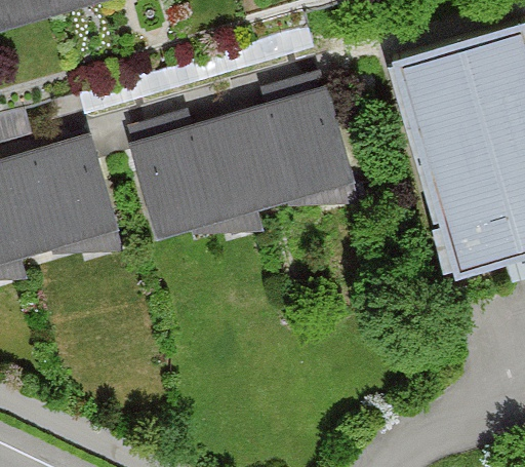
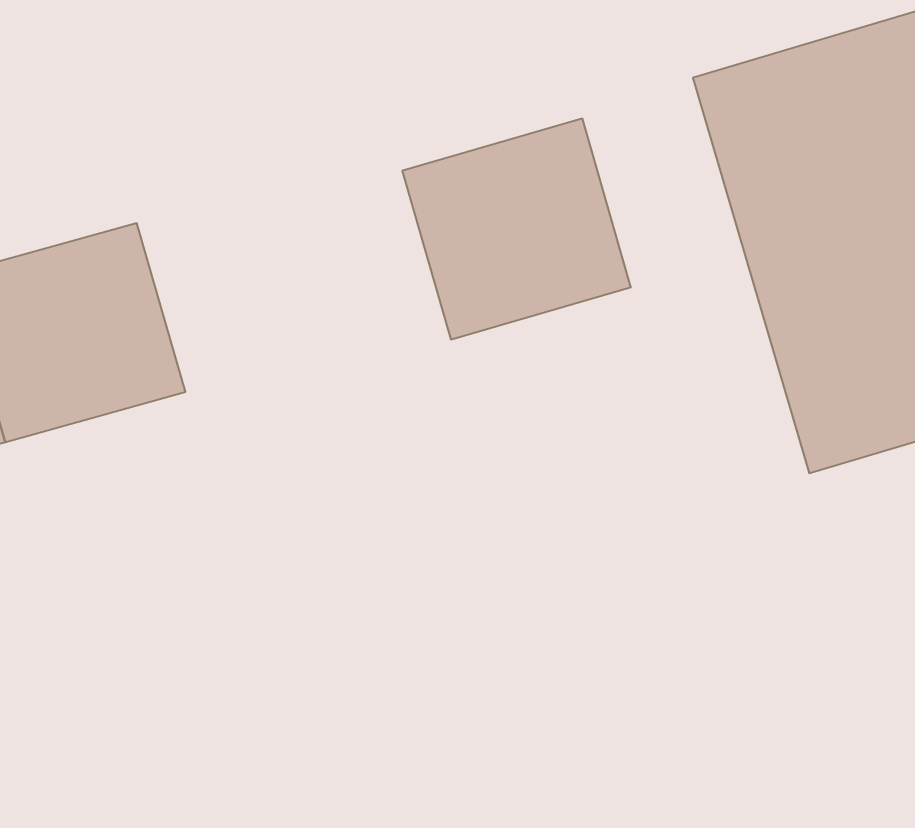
building: [137,117,258,234] -> none

